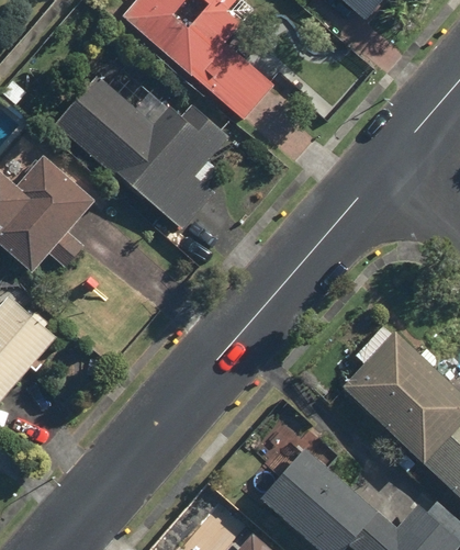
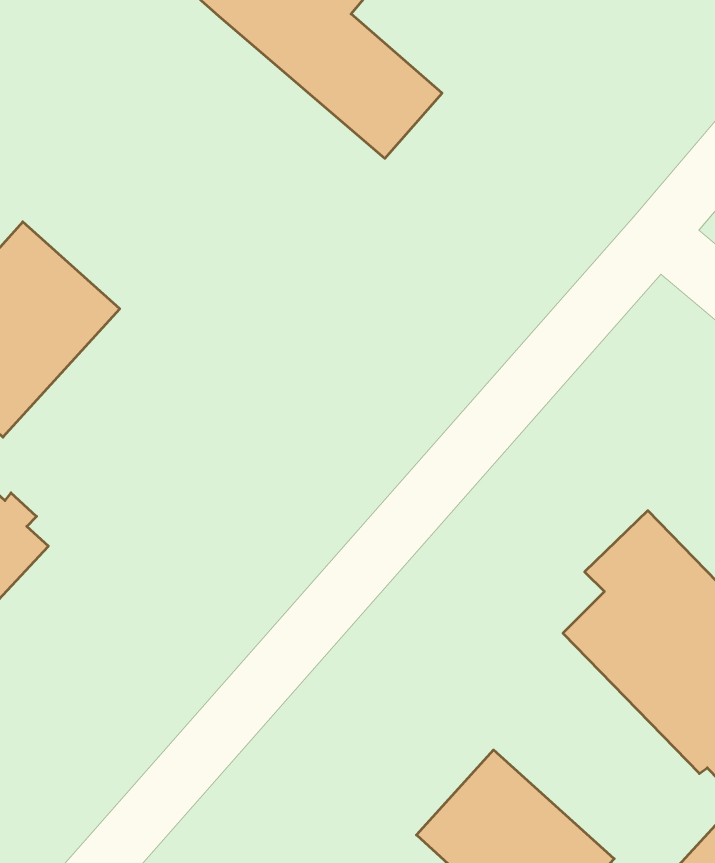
building: [55,74,231,227] -> none

